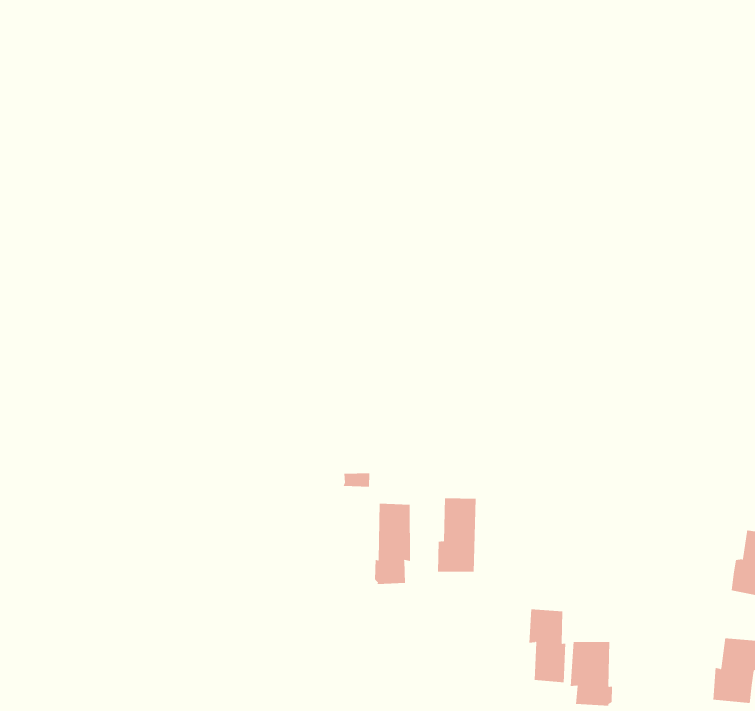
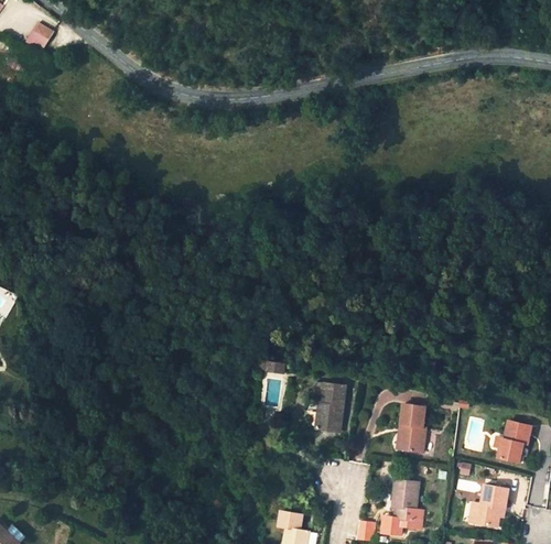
building: [375,503,411,585] -> none
building: [528,609,566,683] -> [400,405,423,453]

